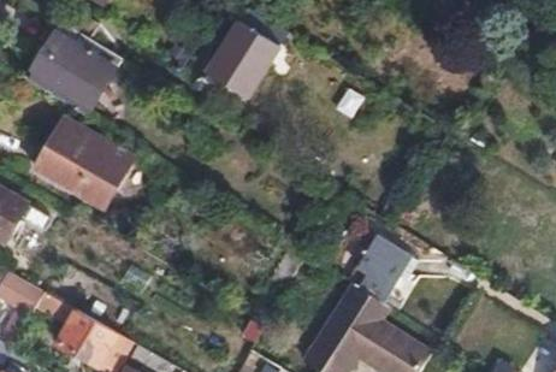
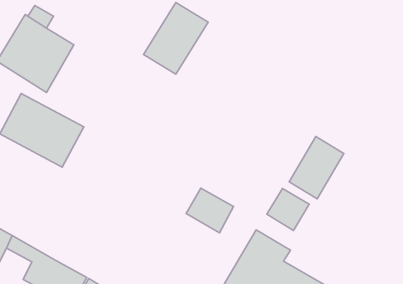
building: none -> [289,137,344,199]
building: none -> [186,188,234,233]

